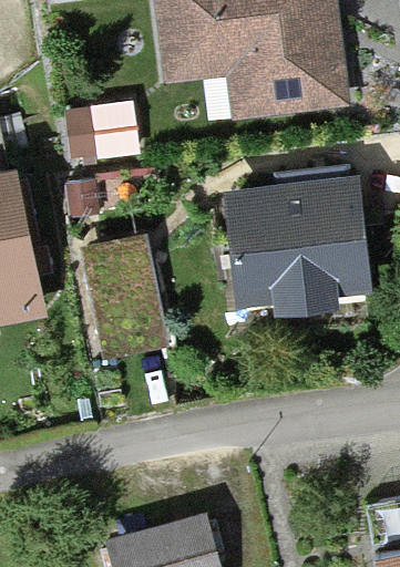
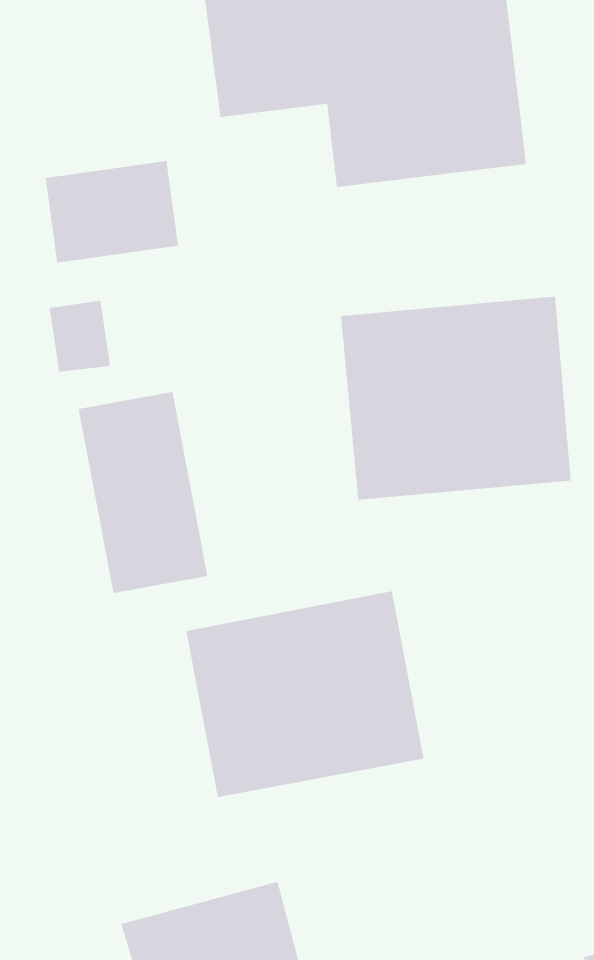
building: none -> [186,591,424,798]

